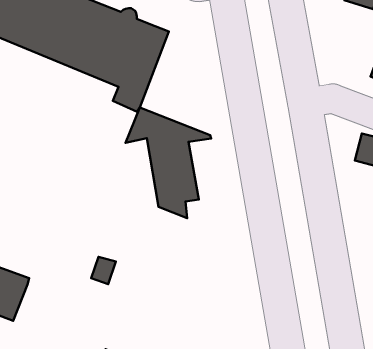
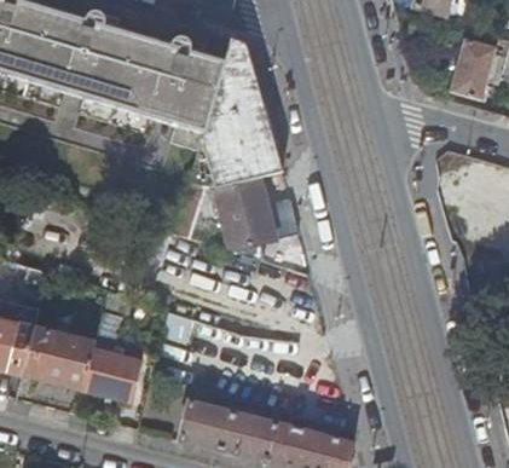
building: none -> [199,36,279,167]
building: none -> [82,348,143,401]

